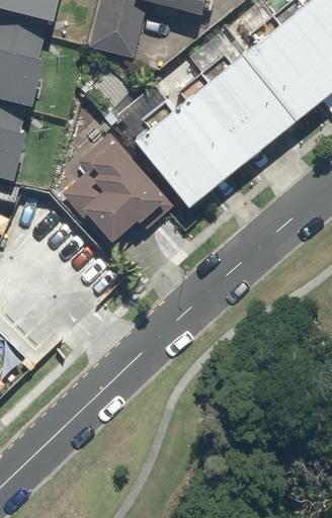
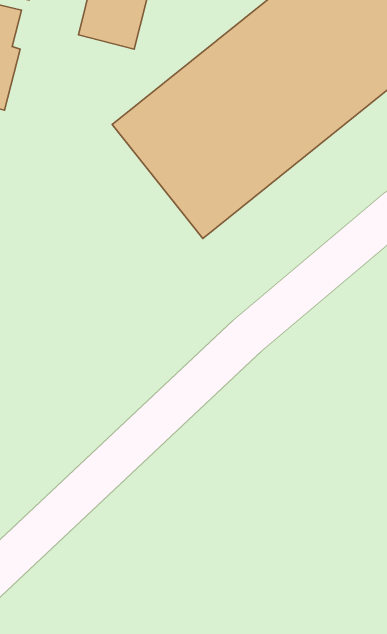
building: [61,143,165,251] -> none

